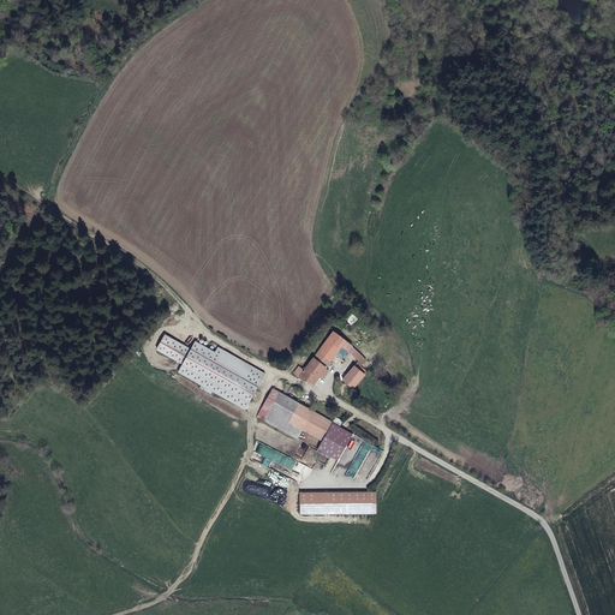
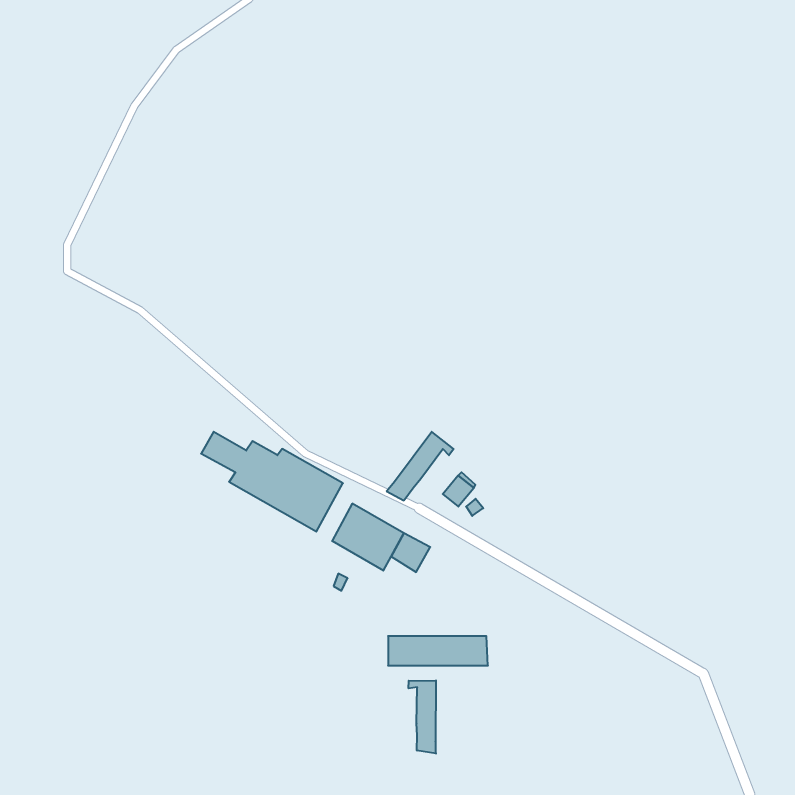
building: [317,422,352,460] -> none
building: none -> [409,680,436,754]

